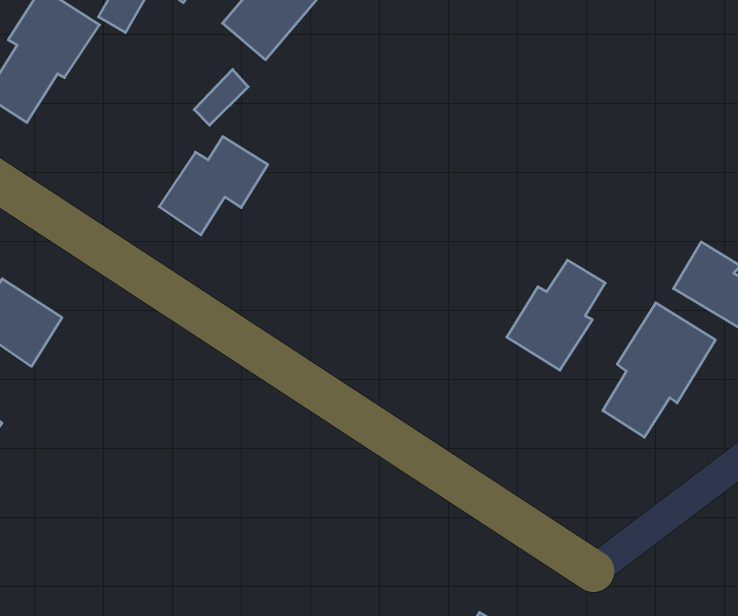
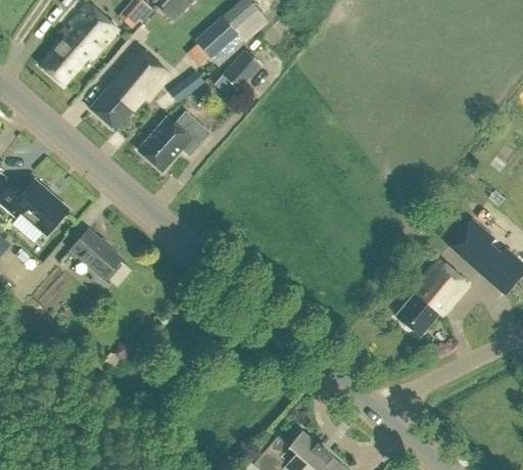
building: none -> [223,49,263,90]
building: none -> [90,45,170,130]
building: [507,260,605,370] -> none
building: none -> [67,228,130,285]

